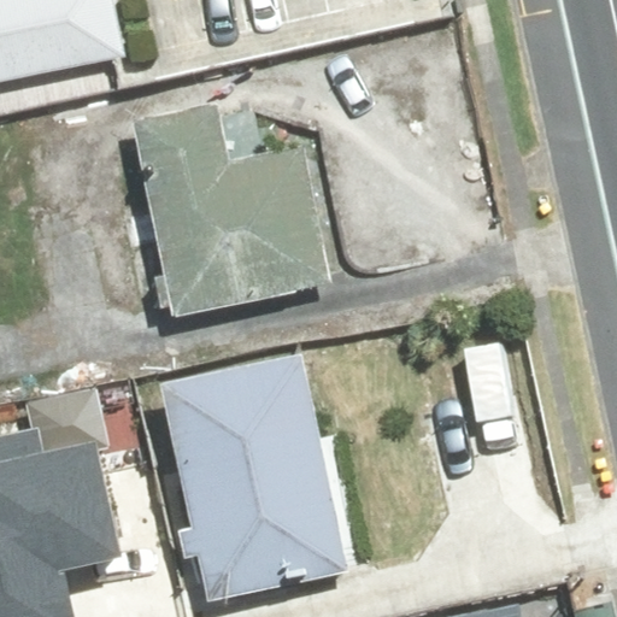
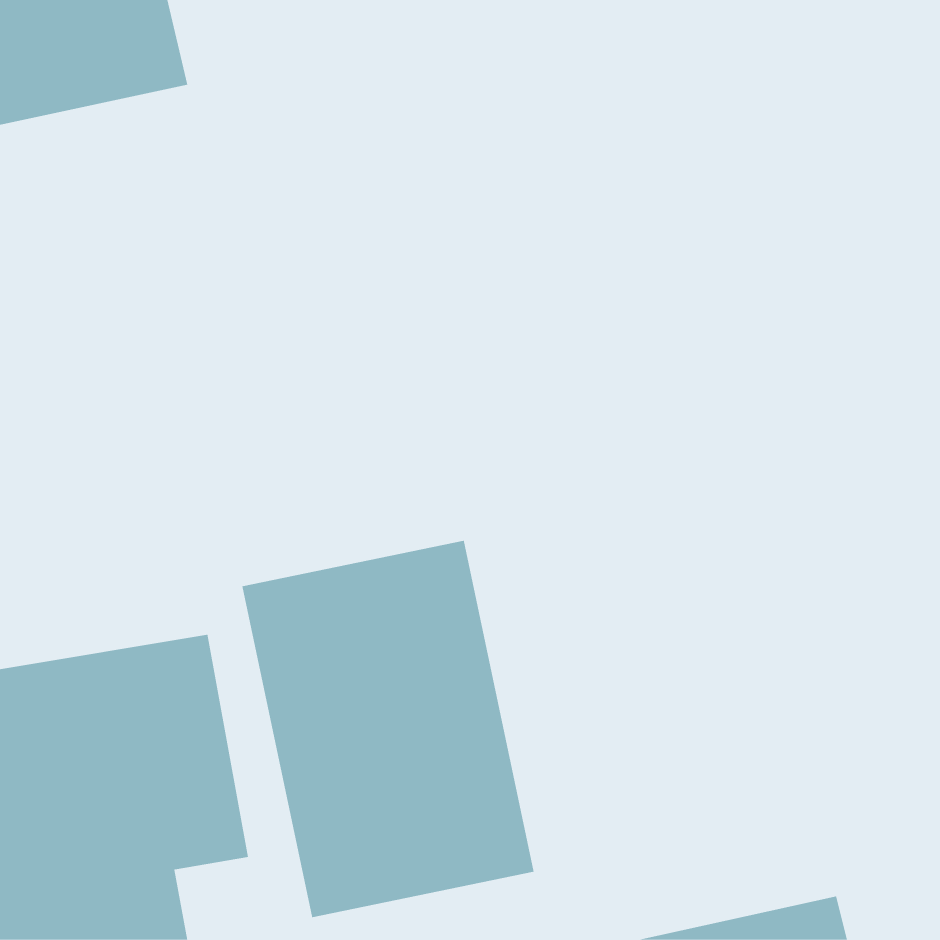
building: [130,104,333,316] -> none

